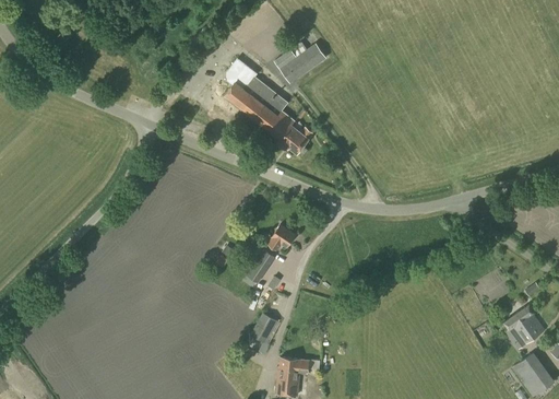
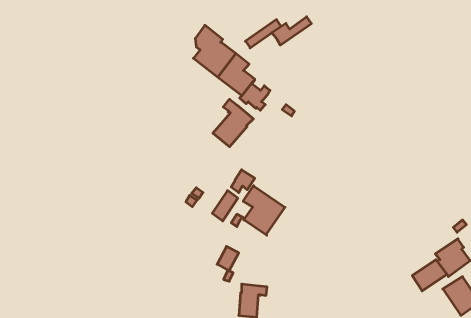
building: [275,44,321,77] -> [272,17,311,45]
building: none -> [213,99,253,147]
building: none -> [243,186,285,235]
building: none -> [412,260,447,291]

